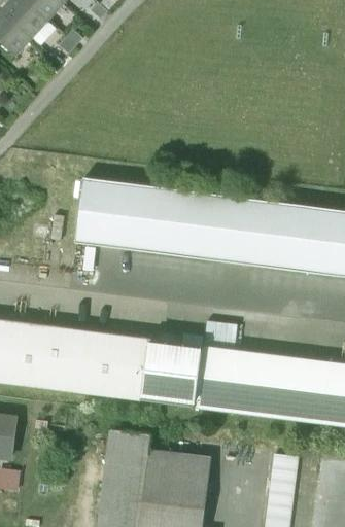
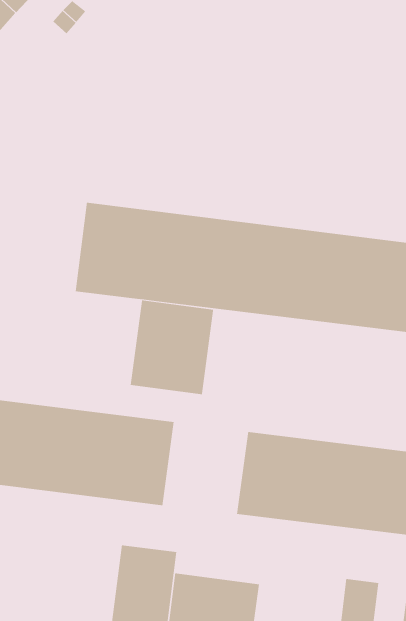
building: [140,338,202,408] -> [130,300,214,395]

